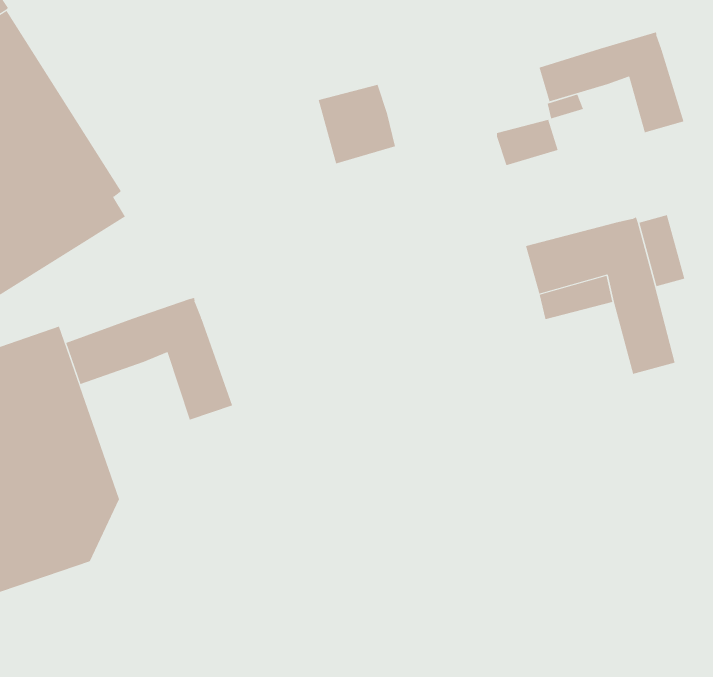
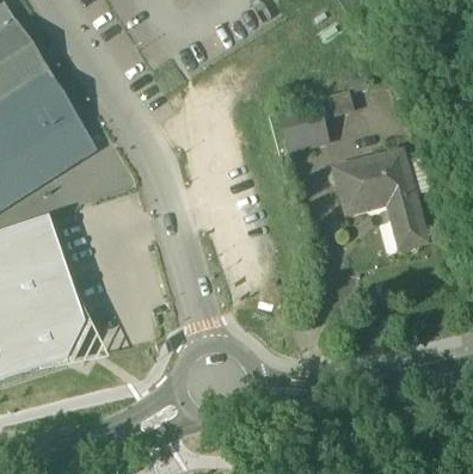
building: [539,32,684,133] -> none
building: [318,84,396,164] -> [280,100,327,149]
building: [65,297,233,420] -> none

